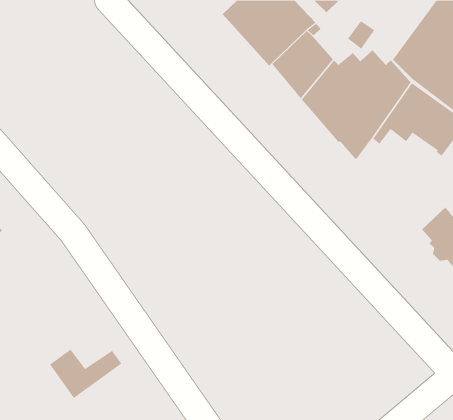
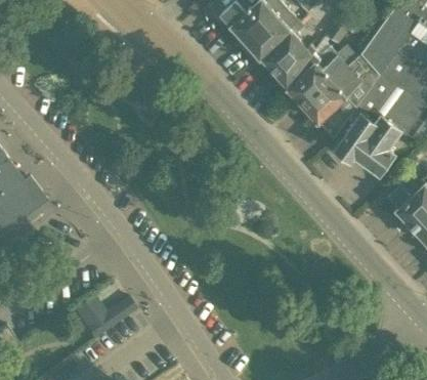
building: none -> [336,114,401,174]

